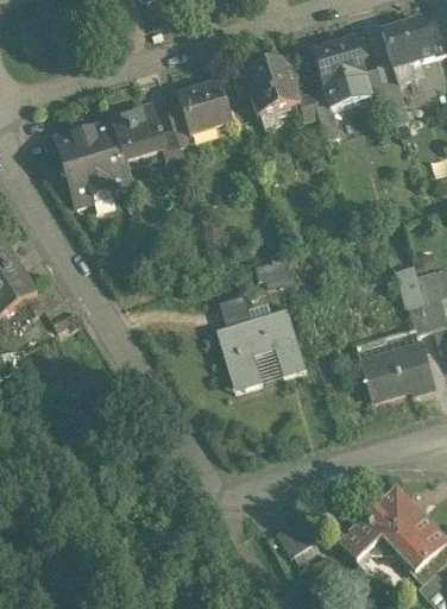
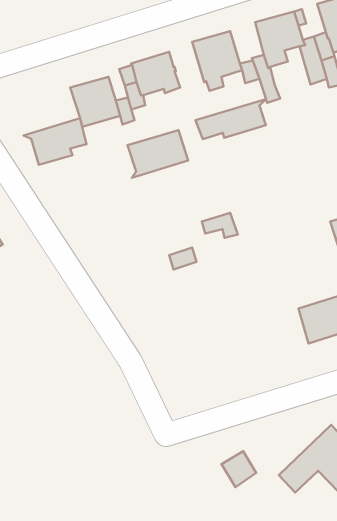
building: [56,120,122,172] -> [127,130,188,178]
building: none -> [195,99,266,139]
building: [216,309,307,388] -> none

